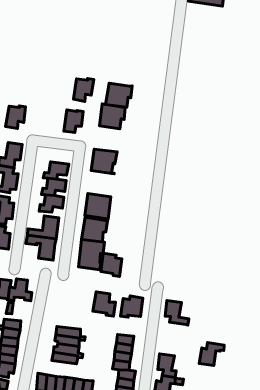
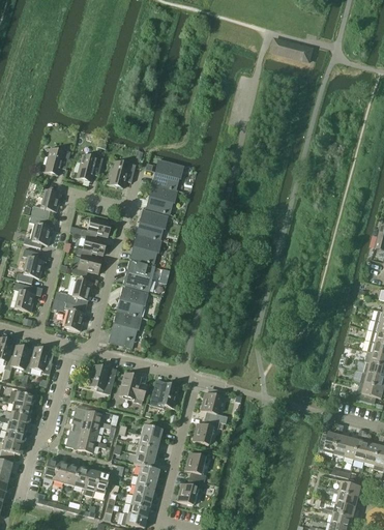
building: [74,79,94,101] -> [78,154,104,181]
building: [105,83,132,107] -> [145,183,178,213]
building: none -> [130,233,163,263]
building: [101,253,122,276] -> [89,364,115,393]
building: [199,343,224,365] -> [193,417,224,444]

